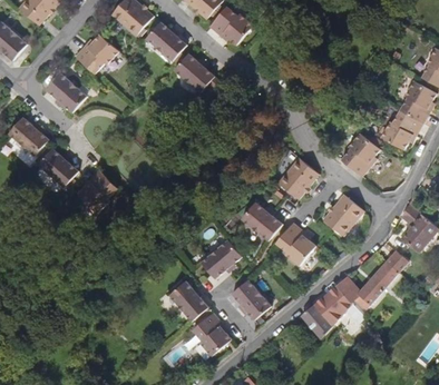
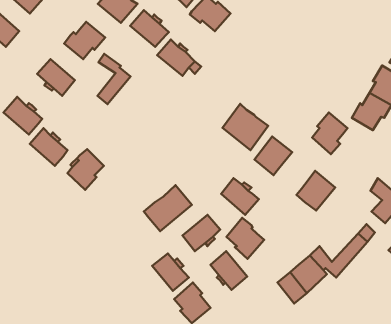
building: none -> [98,54,130,104]
building: none -> [222,104,268,150]
building: none -> [144,185,192,231]
building: [275,223,315,266] -> [226,218,264,259]

